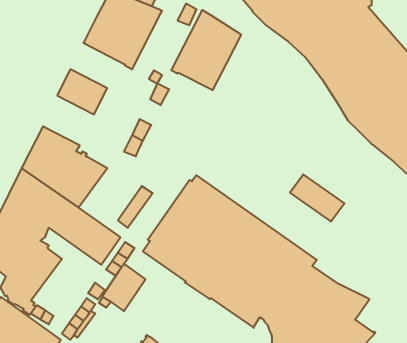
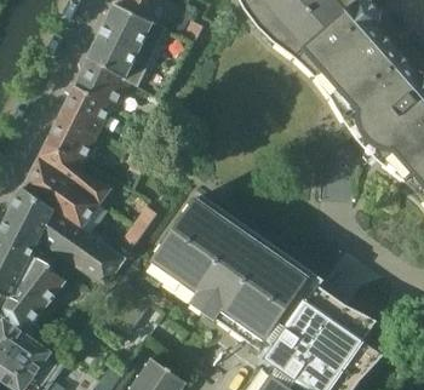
building: [171,10,241,90] -> none
building: none -> [73,58,128,108]
building: none -> [45,111,97,162]
building: [290,174,344,221] -> none

